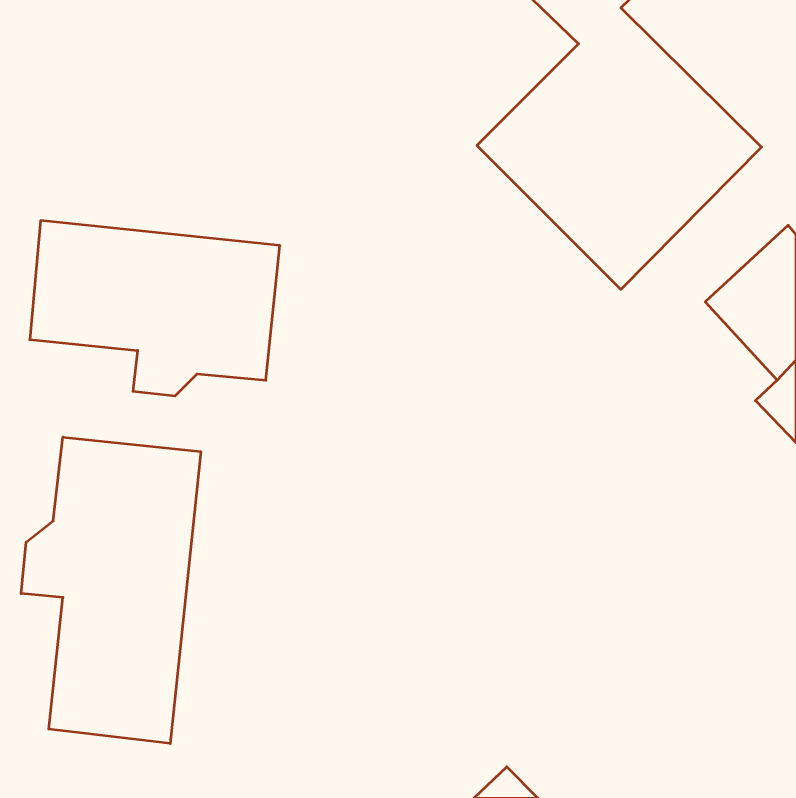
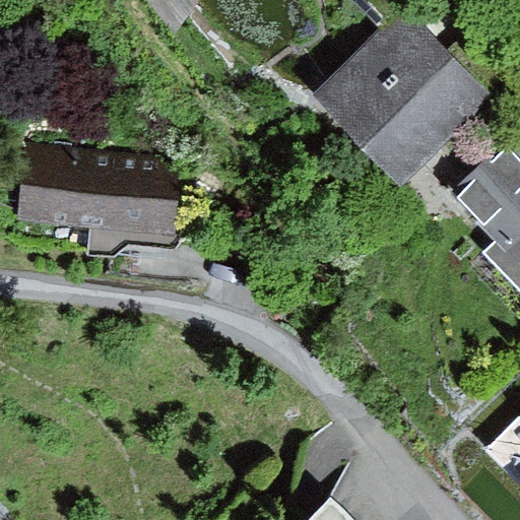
building: [21,437,201,744] -> none

